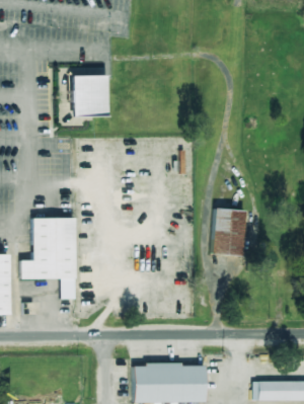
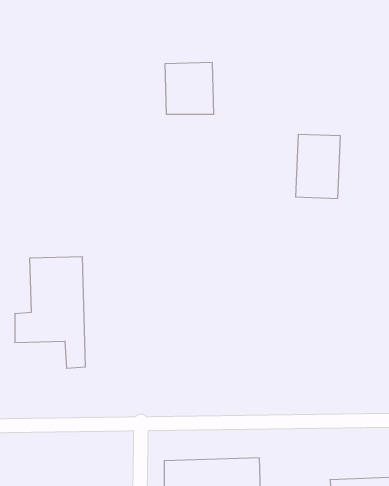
building: [65,73,101,111] -> [165,63,214,114]
building: [214,211,247,258] -> [296,134,340,198]

